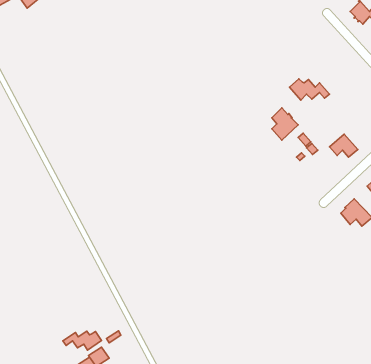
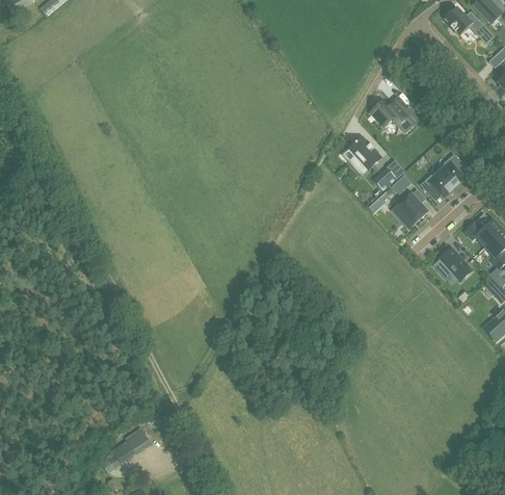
building: none -> [437,153,464,186]
building: none -> [393,191,428,227]
building: [63,331,101,350] -> none

